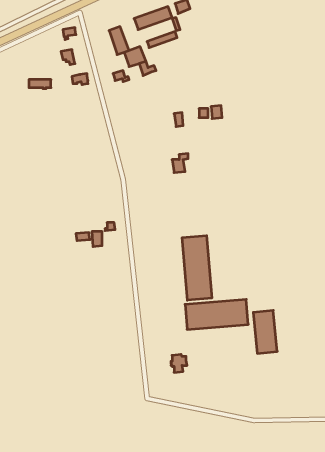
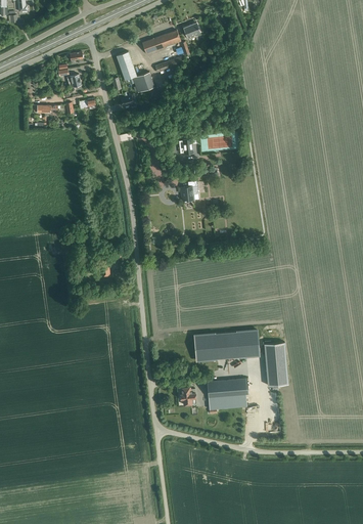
building: [182,236,212,300] -> none
building: none -> [207,379,248,409]

